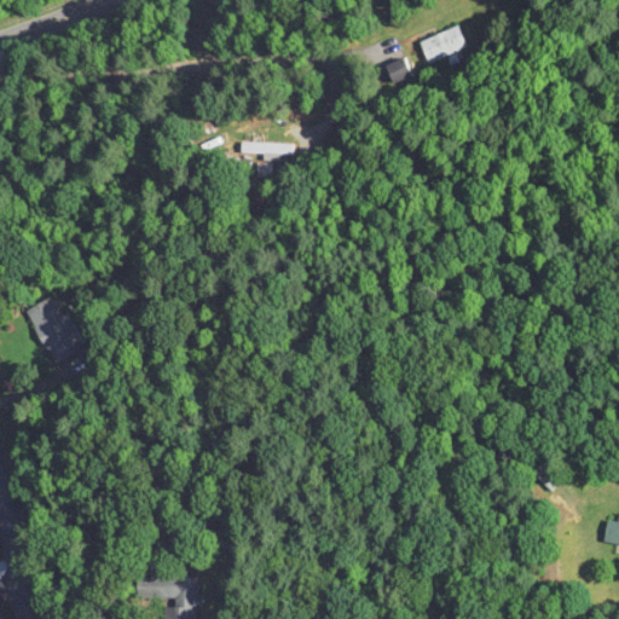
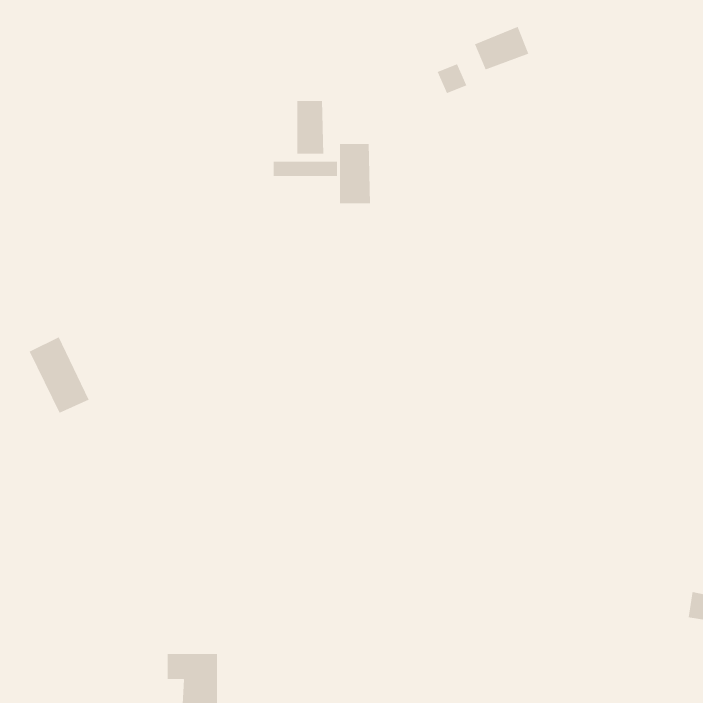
building: none -> [297,100,324,155]
building: none -> [340,143,370,204]

